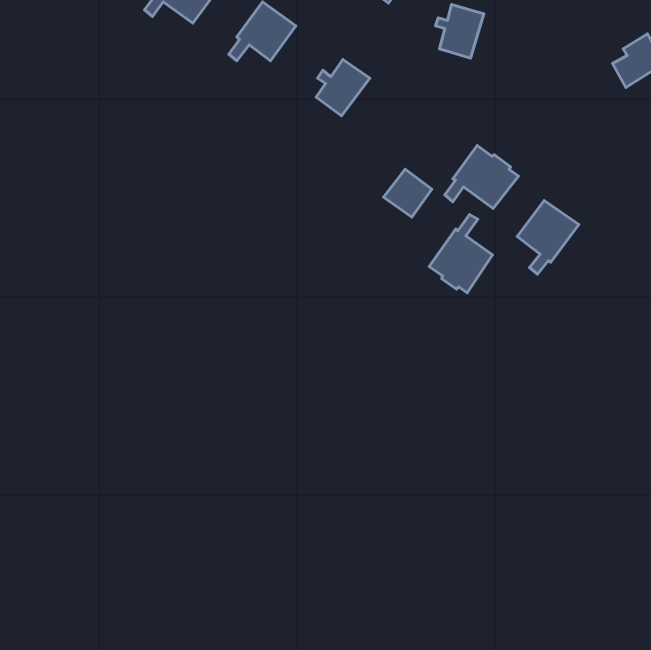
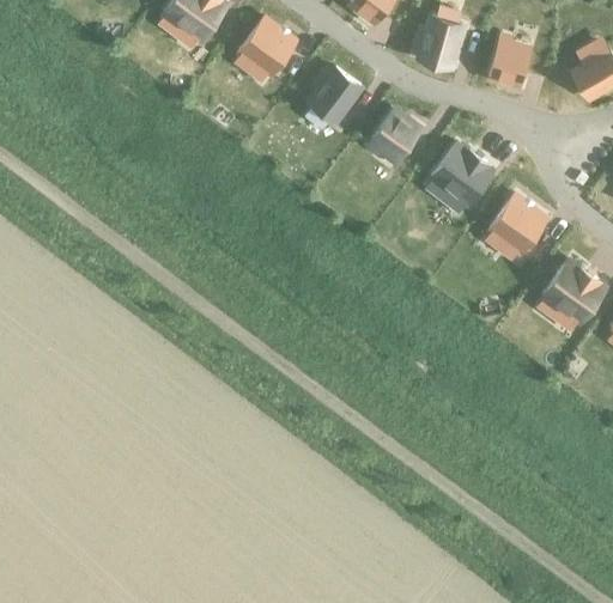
building: none -> [491,44,528,83]
building: [384,169,432,217] -> [372,114,415,157]
building: [429,214,493,293] -> none
building: none -> [536,262,605,322]

